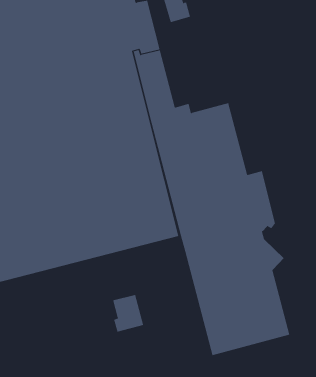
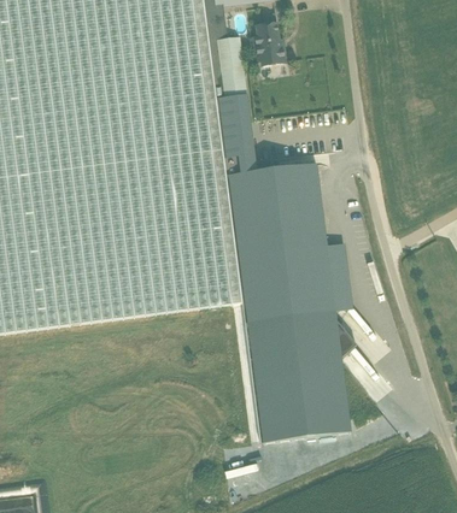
building: [113,294,144,333] -> none

